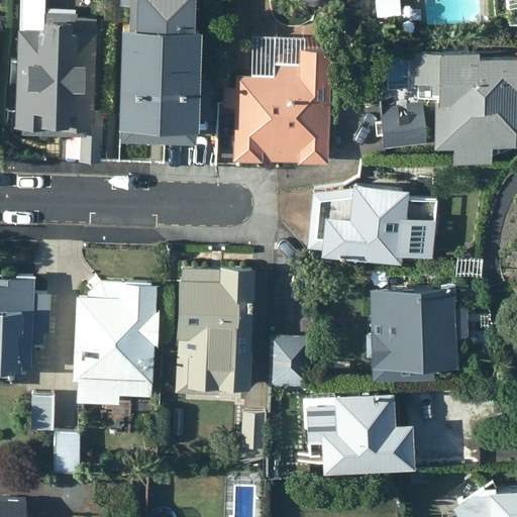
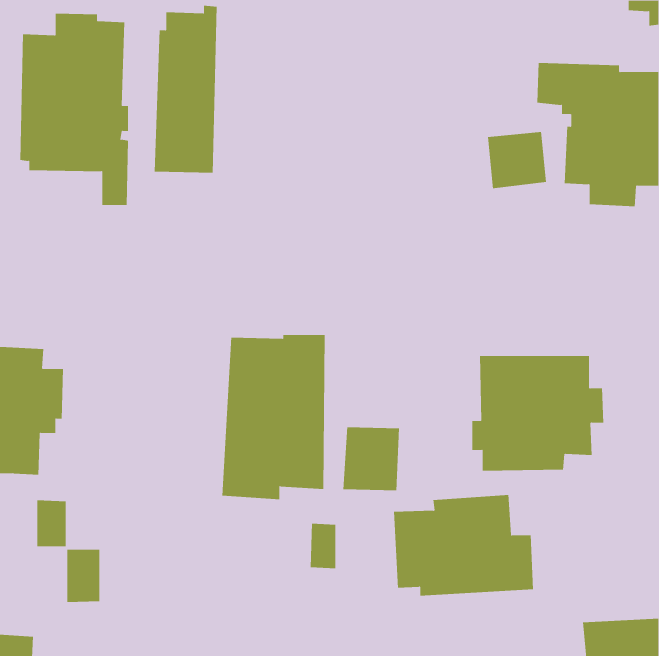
building: [166,12,209,142] -> none
building: [224,54,329,170] -> none
building: [306,181,438,258] -> none
building: [73,281,160,402] -> none

